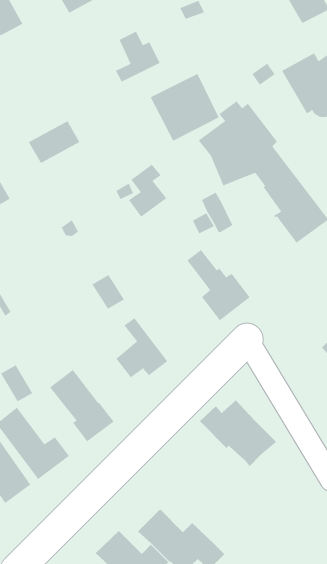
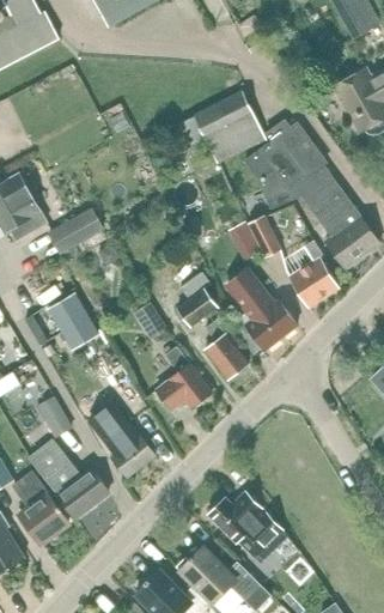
building: [115,31,160,83] -> none
building: [28,121,80,164] -> [48,207,103,253]
building: [128,164,167,217] -> [176,271,217,327]
building: none -> [289,257,337,306]
building: none -> [49,293,98,348]
building: none -> [203,320,248,378]
building: [199,400,277,467] -> [207,491,288,562]

